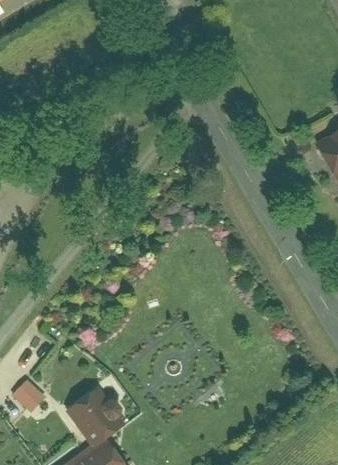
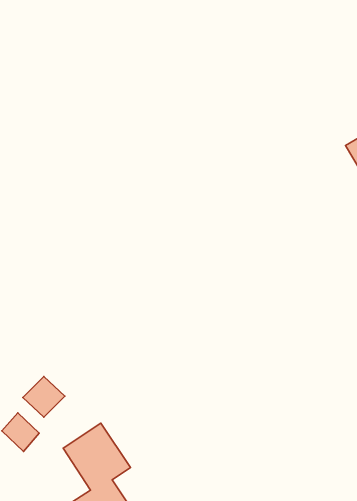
building: none -> [23,376,65,417]

